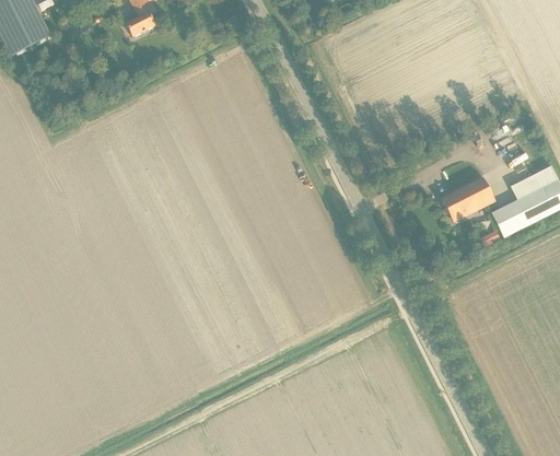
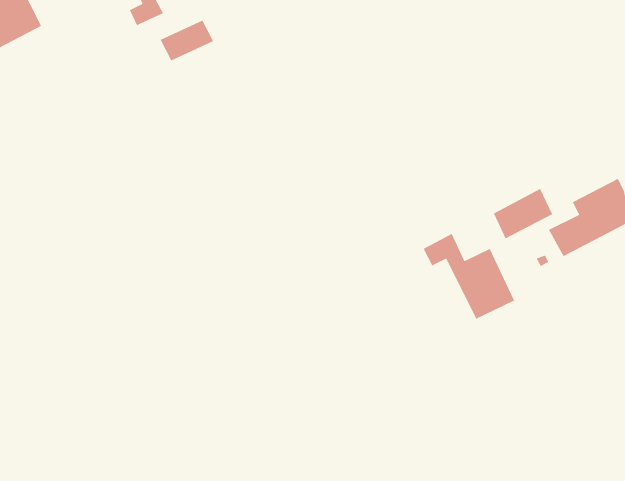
building: none -> [160,19,214,62]
building: none -> [422,233,515,320]

